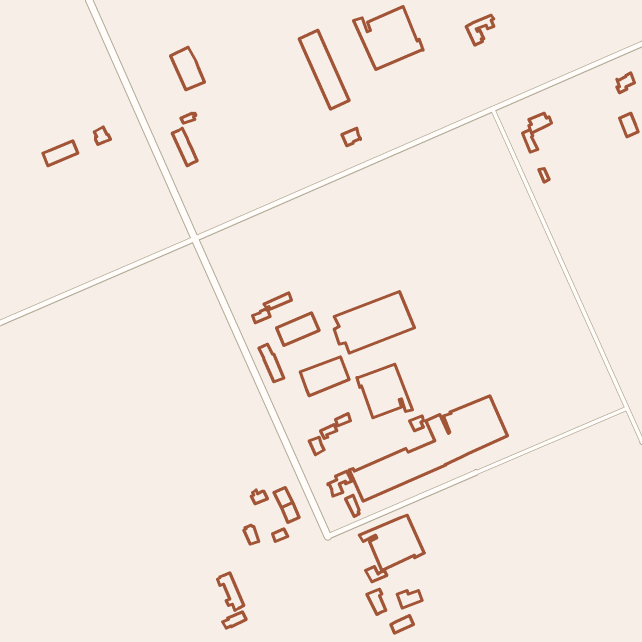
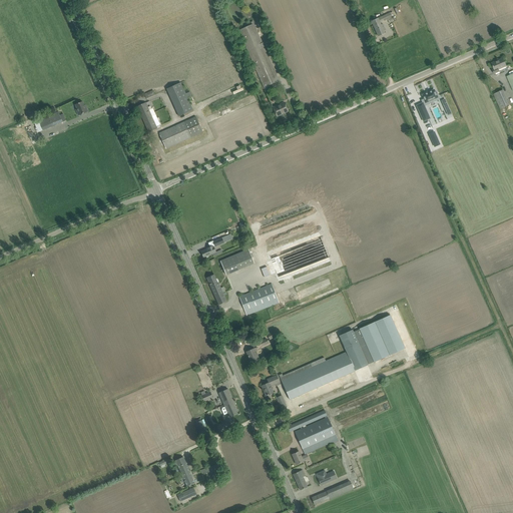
building: [354,7,423,70] -> none
building: [171,47,205,90] -> [166,82,193,116]
building: none -> [159,116,202,148]
building: [357,364,412,418] -> none

